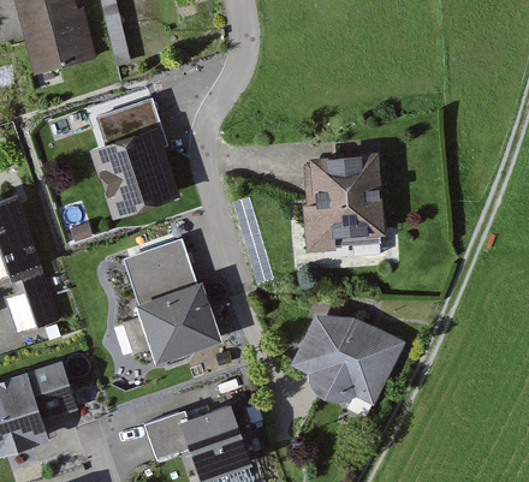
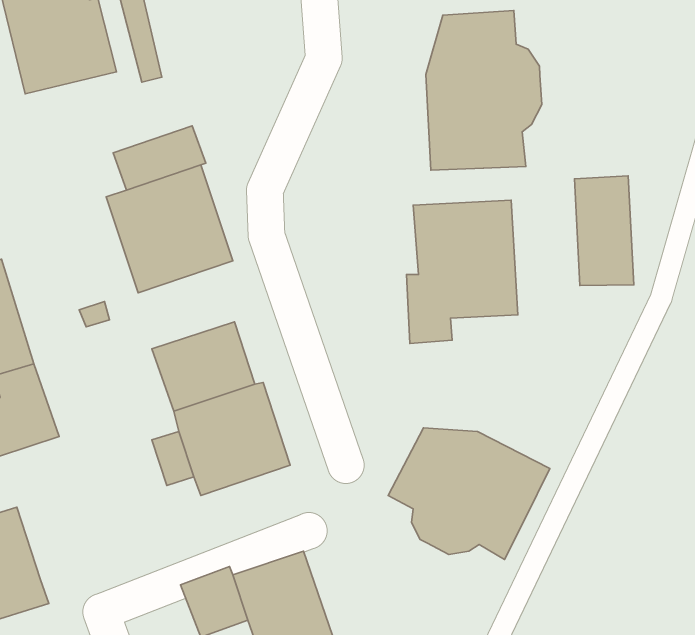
building: none -> [426,11,542,170]
building: none -> [575,176,634,286]
building: [25,359,77,422] -> none

